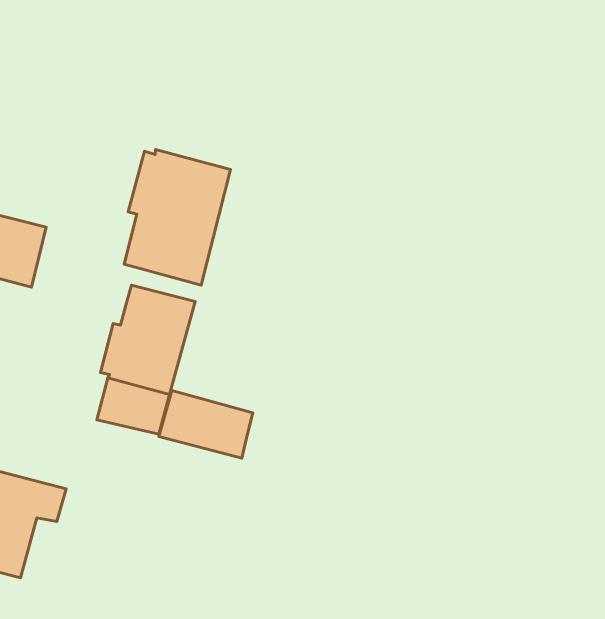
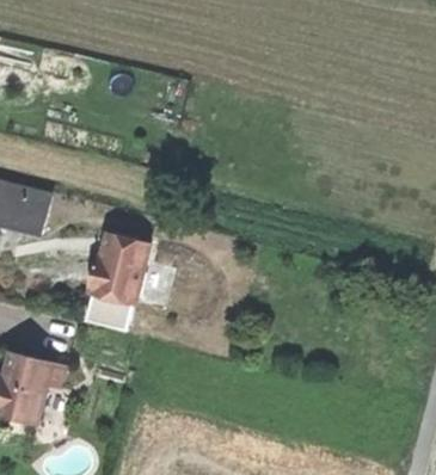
building: [124,150,231,285] -> none
building: [159,390,253,458] -> none

